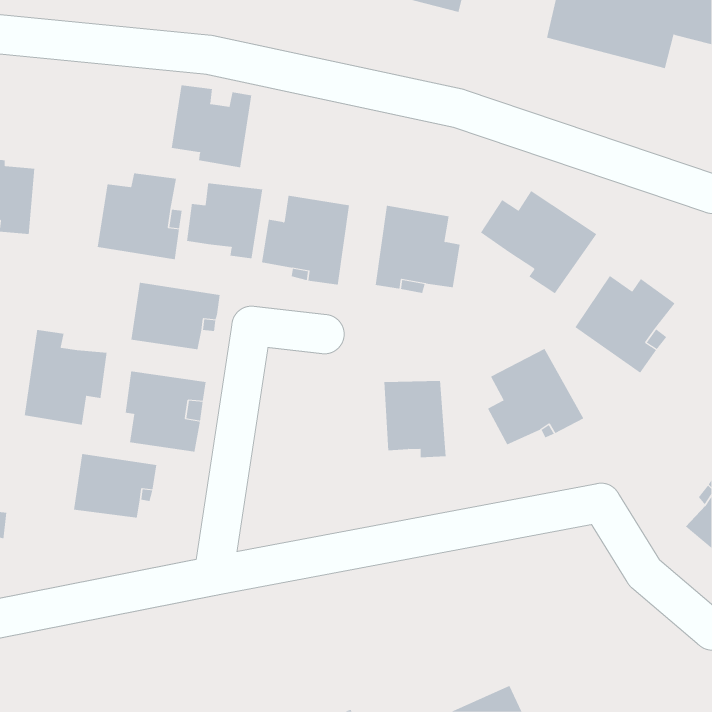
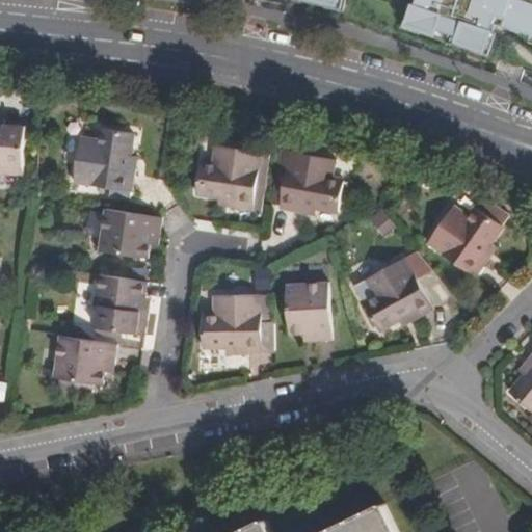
building: [171,85,252,168] -> none
building: [186,182,263,259] -> none
building: [480,190,597,294] -> none
building: [24,329,107,426] -> none
building: none -> [200,295,259,356]

